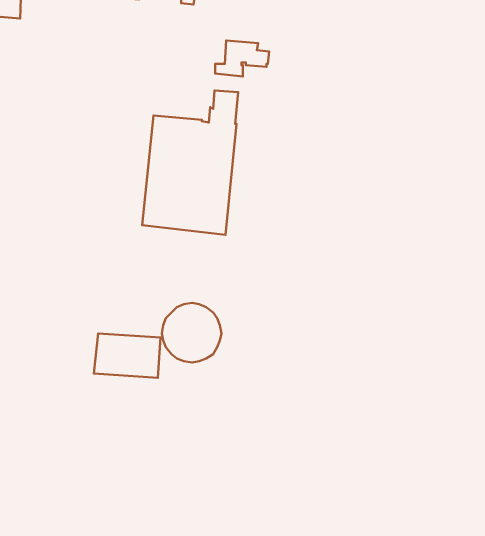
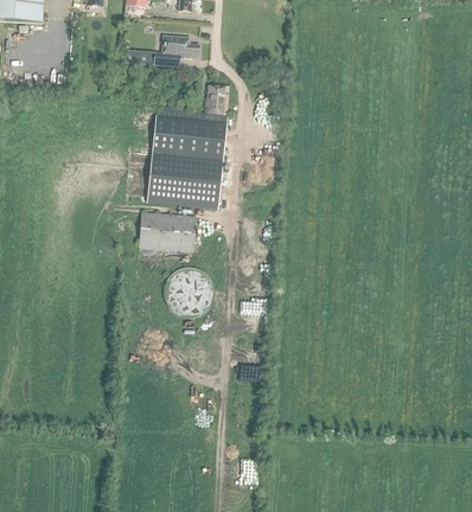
building: [215,40,269,76] -> [153,34,199,65]
building: [94,333,160,378] -> [138,212,194,250]

